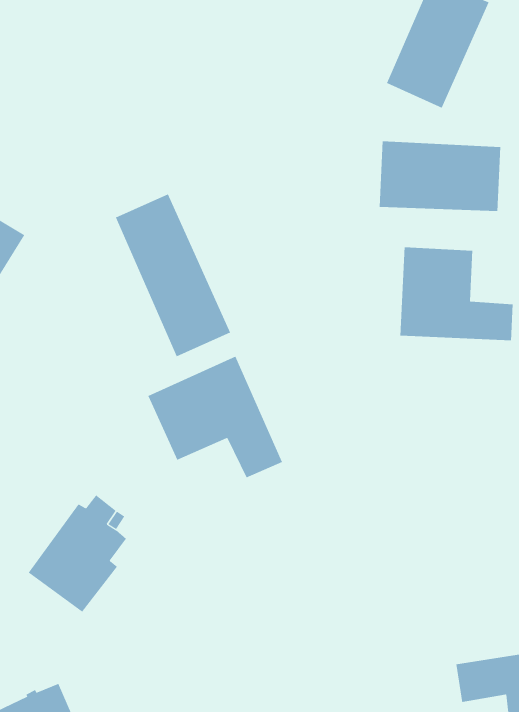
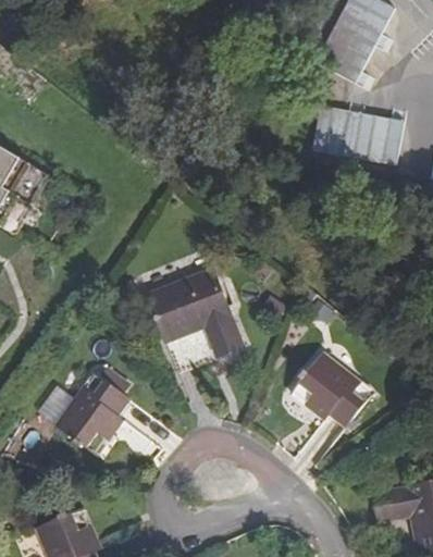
building: [115,193,231,357] -> none
building: [400,247,513,341] -> none
building: none -> [288,357,371,429]

